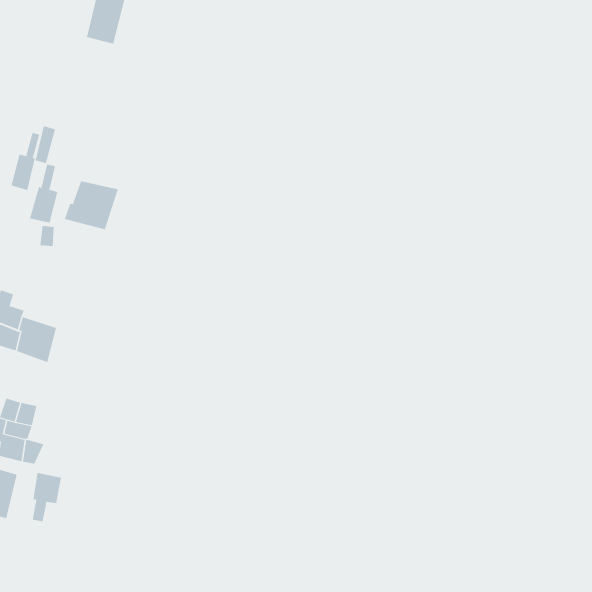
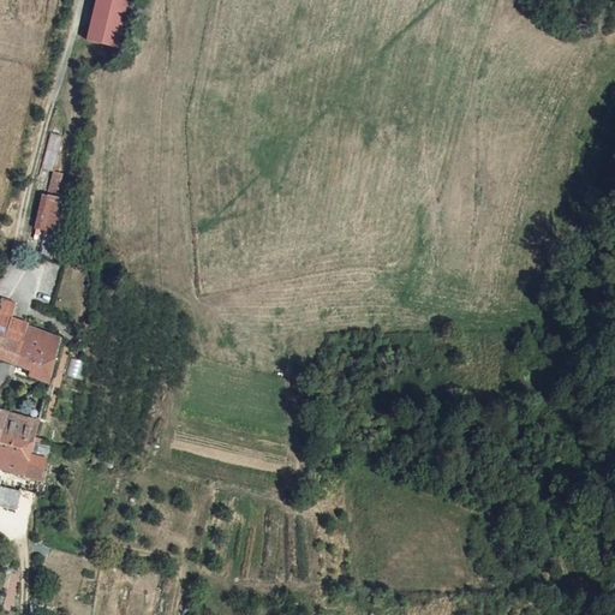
building: [11,132,40,191] -> none
building: [64,180,119,230] -> none
building: [32,472,61,522] -> none

